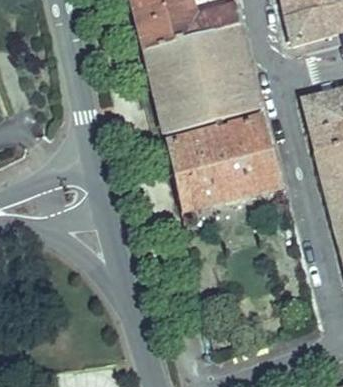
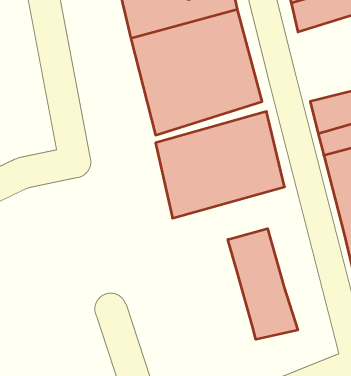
building: none -> [228,229,298,339]

